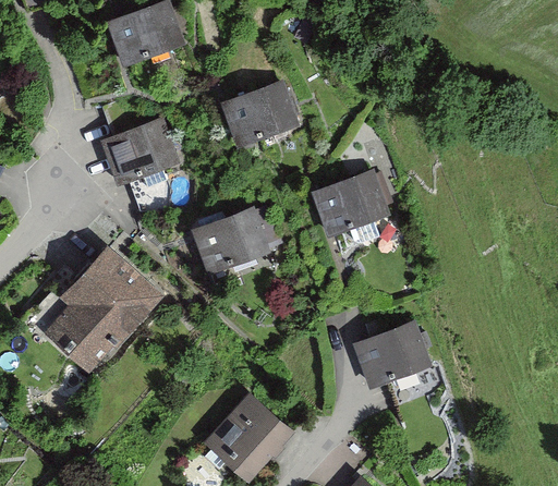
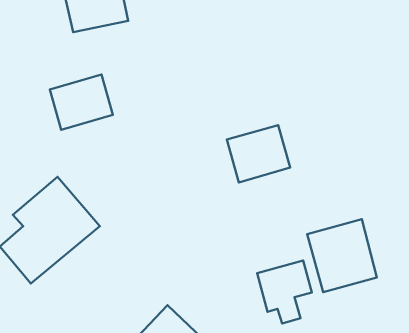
building: [222,81,296,147] -> none
building: [190,206,271,278] -> none
building: none -> [307,219,377,292]

